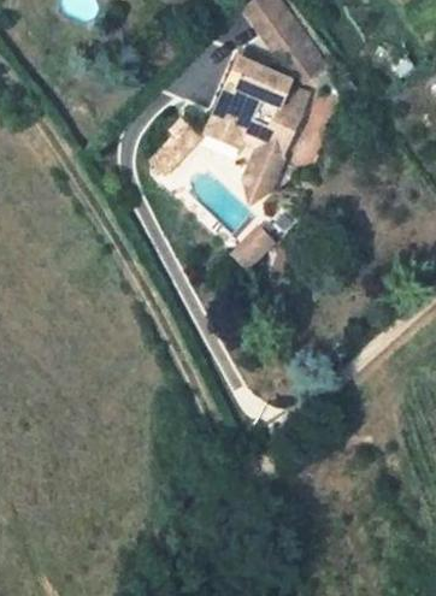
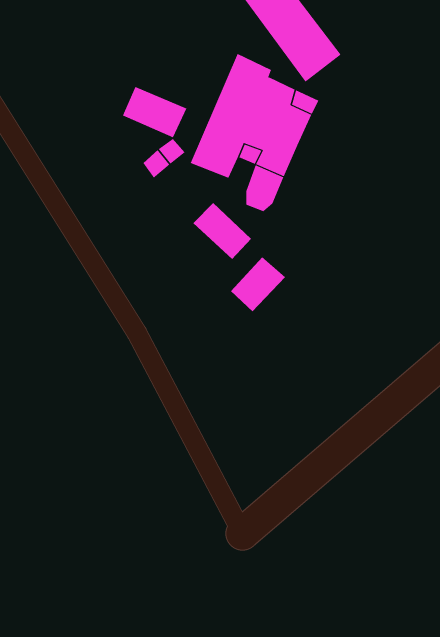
building: none -> [122,86,187,138]
building: none -> [192,202,252,260]

